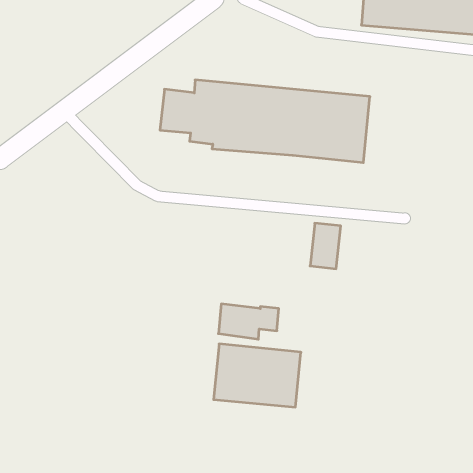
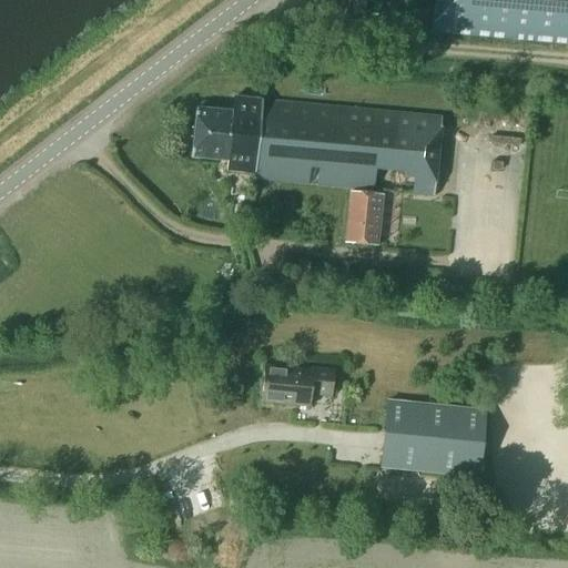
building: [310,223,341,269] -> [346,189,383,243]
building: [214,344,301,407] -> [383,399,487,475]

